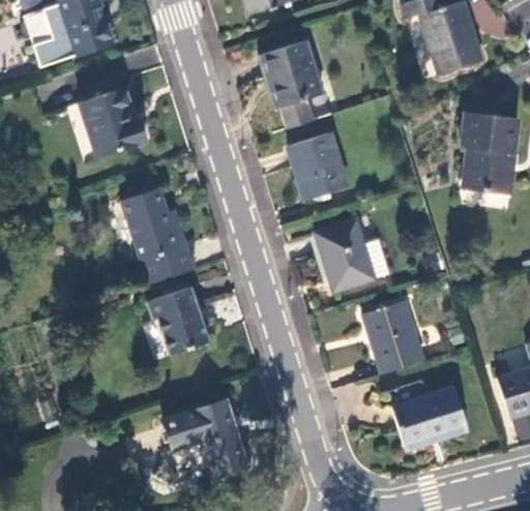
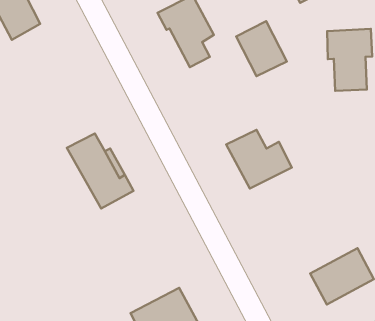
building: [79,90,146,157] -> none
building: [290,132,347,198] -> [236,21,287,76]
building: [145,285,208,355] -> none
building: [362,302,424,373] -> none

